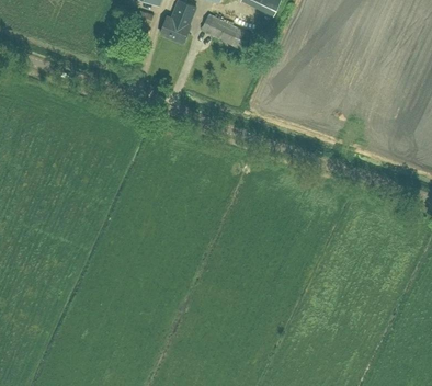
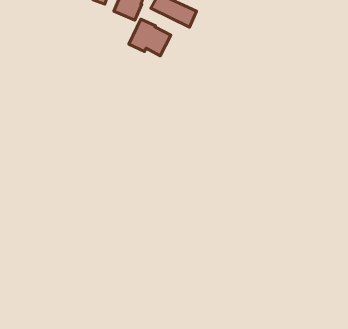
building: none -> [129,19,171,56]

